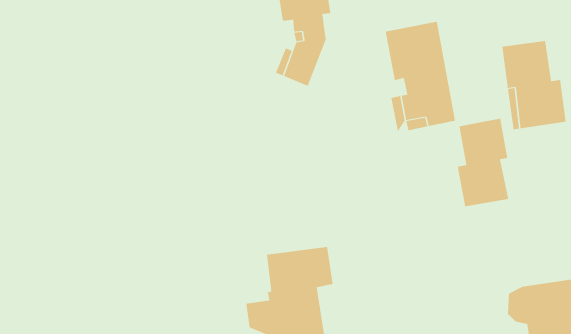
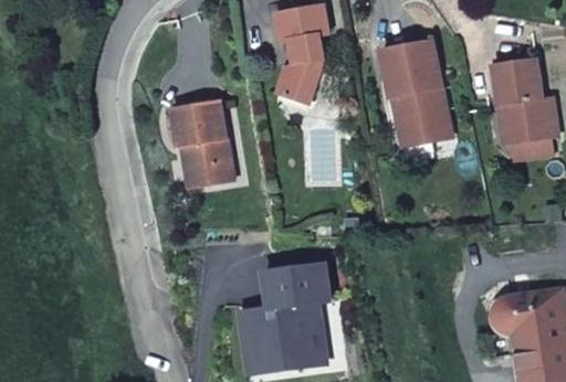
building: none -> [170,99,233,185]
building: [457,118,509,207] -> none

